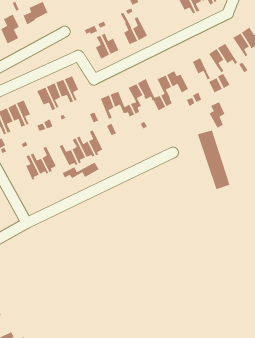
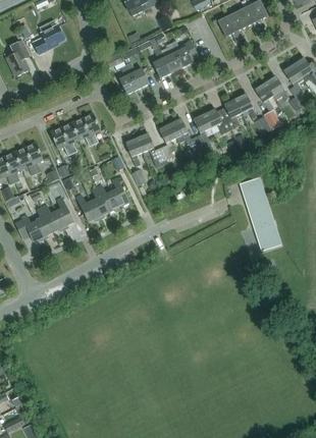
building: none -> [170,40,197,66]
building: [208,101,226,129] -> [221,97,242,129]
building: none -> [16,214,45,241]
building: [62,161,100,179] -> none

